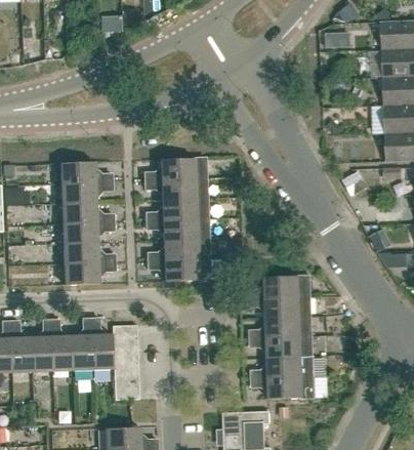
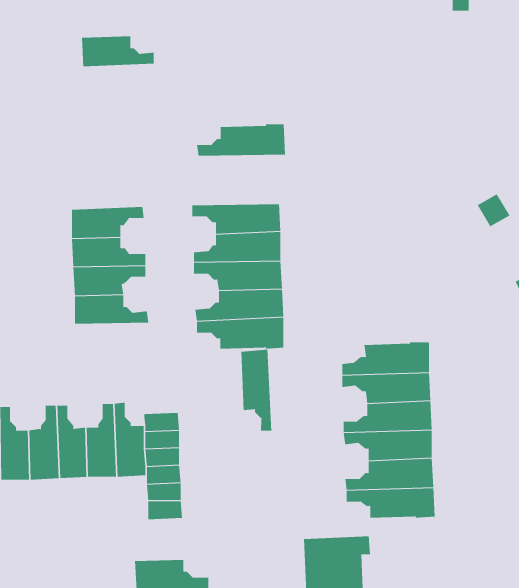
building: [143,158,206,180] -> [196,124,286,156]
building: [59,162,111,183] -> [81,36,155,67]
building: [63,262,115,285] -> none
building: none -> [241,349,272,431]

